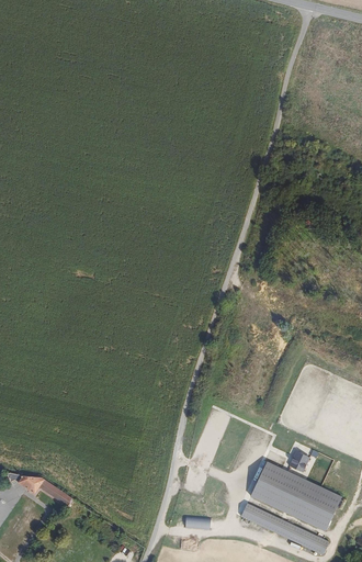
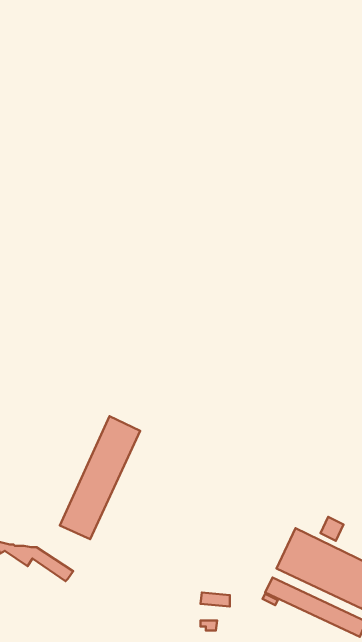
building: none -> [60,416,140,539]

